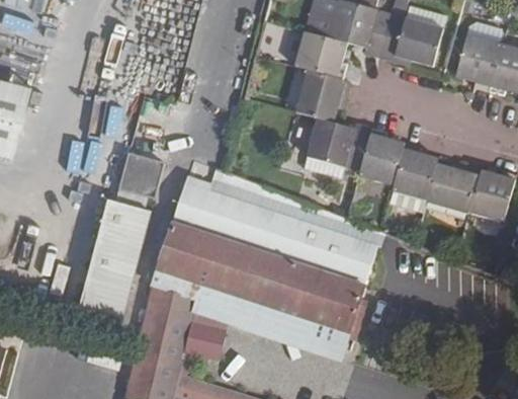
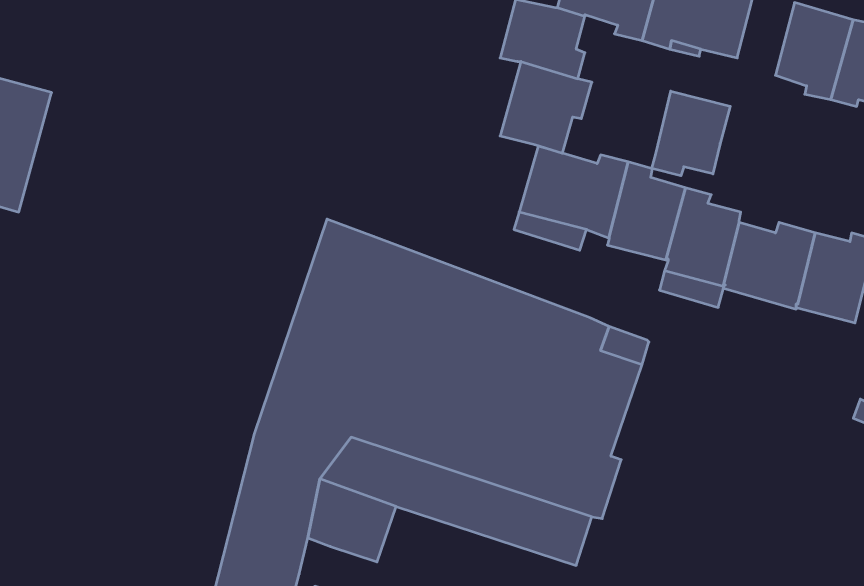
building: none -> [652,91,730,176]
building: [117,152,163,197] -> none
building: [73,198,149,333] -> none

